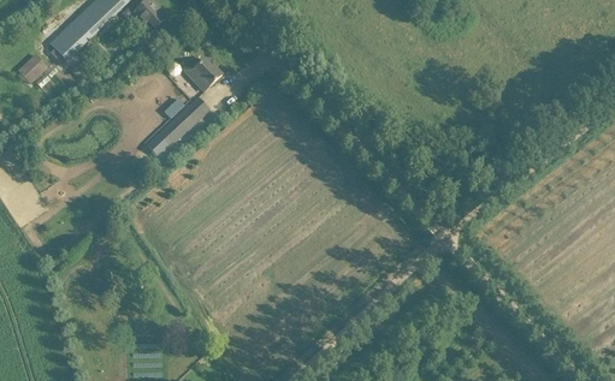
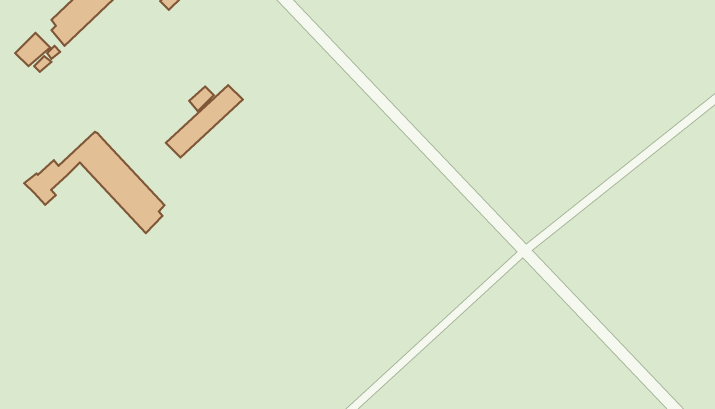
building: [182,59,221,88] -> none
building: none -> [24,132,165,233]

